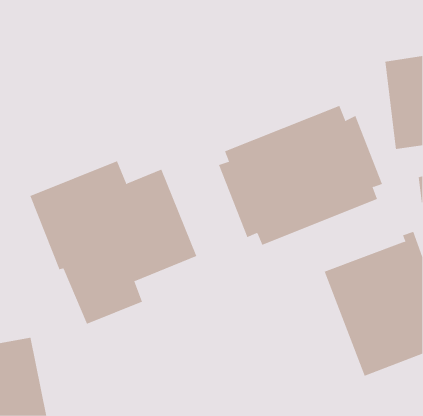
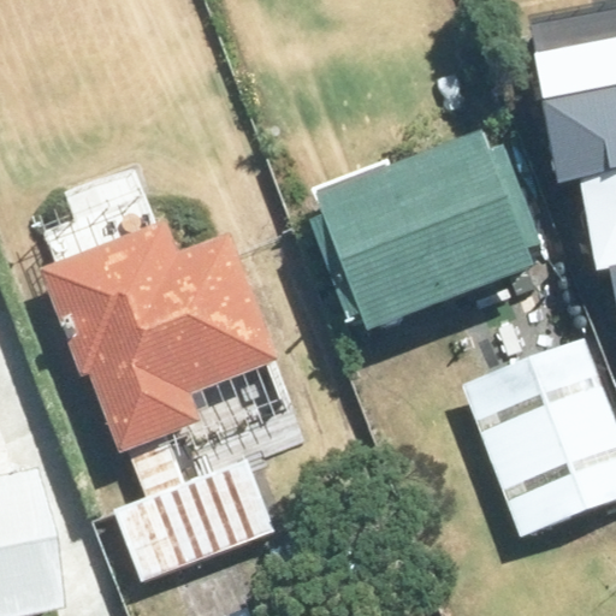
building: none -> [107,444,274,586]

